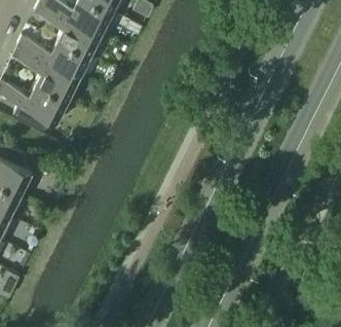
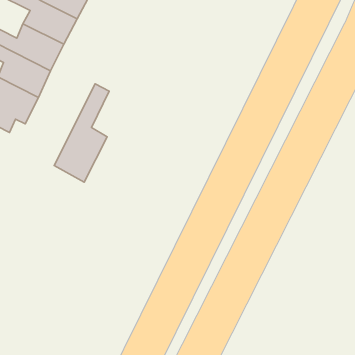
building: none -> [54,84,109,182]

